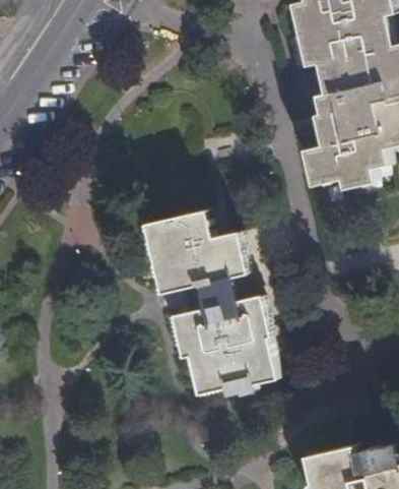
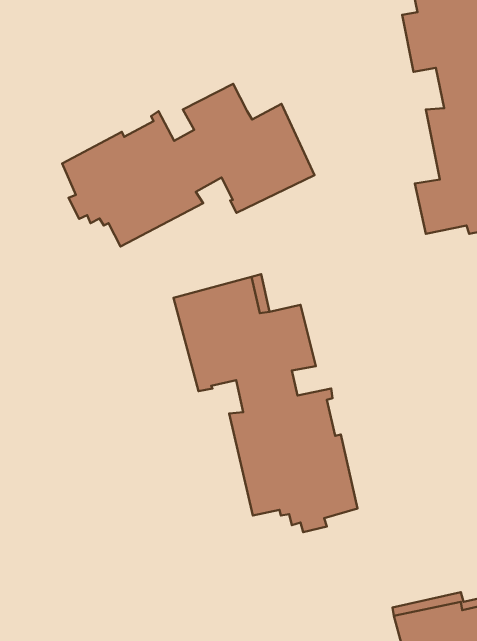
building: none -> [62,84,314,247]

